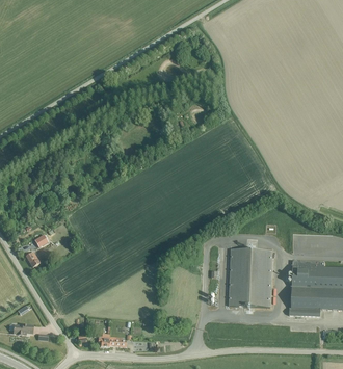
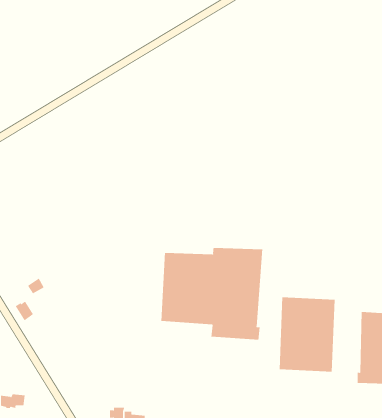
building: none -> [161,247,263,341]

